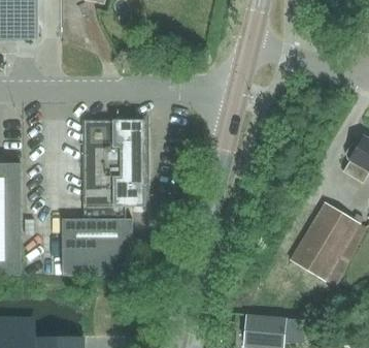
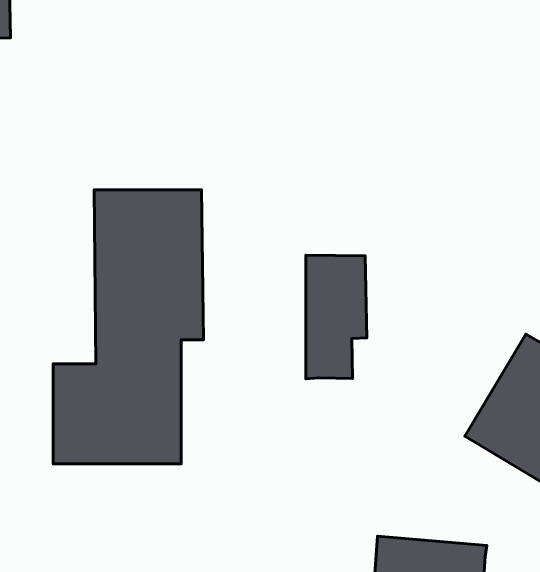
building: none -> [306,255,367,379]

